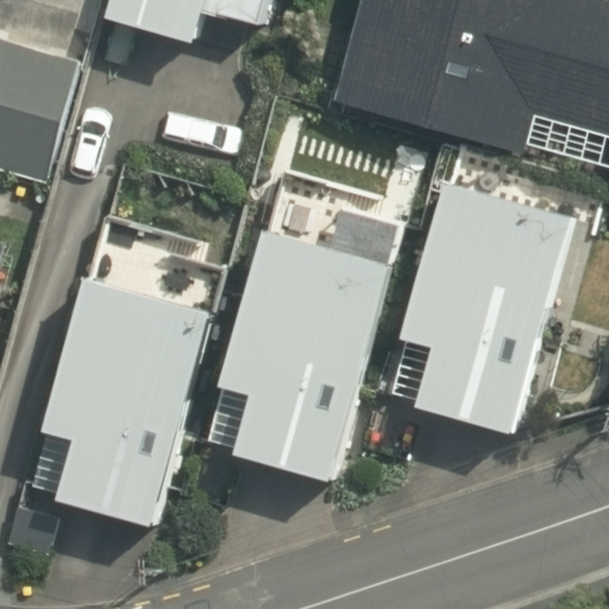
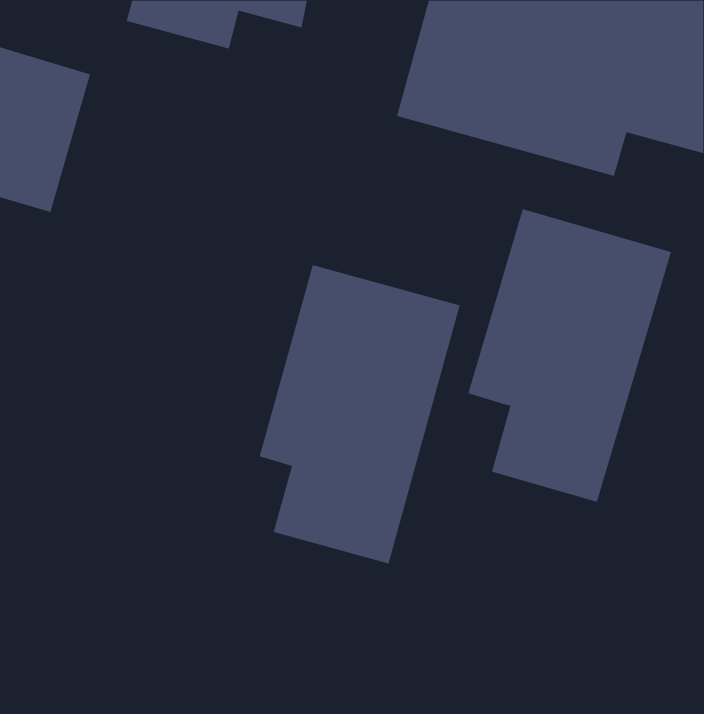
building: [45,276,211,527] -> none

